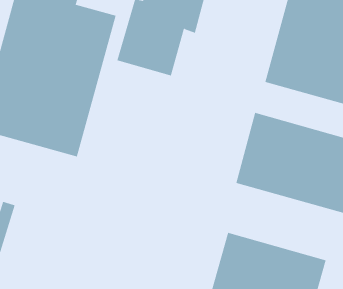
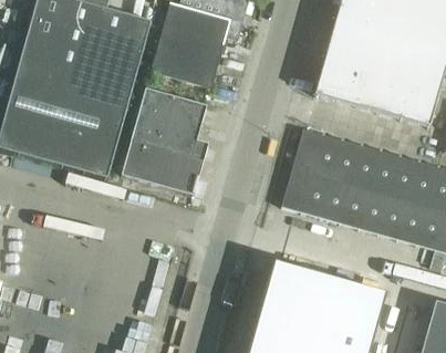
building: none -> [123,87,210,194]

